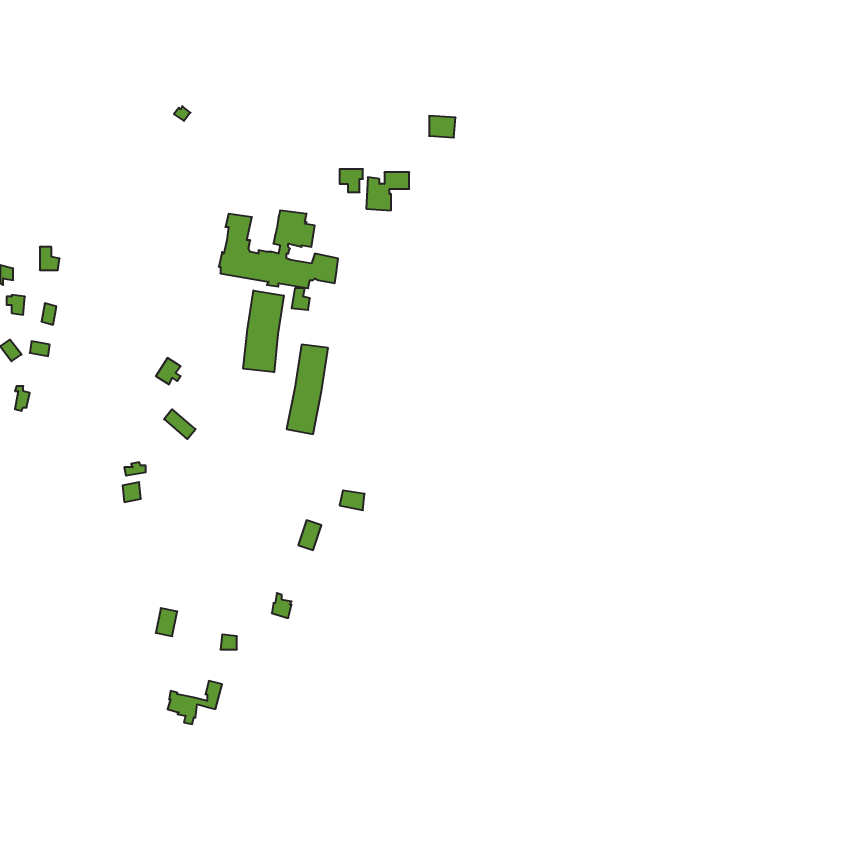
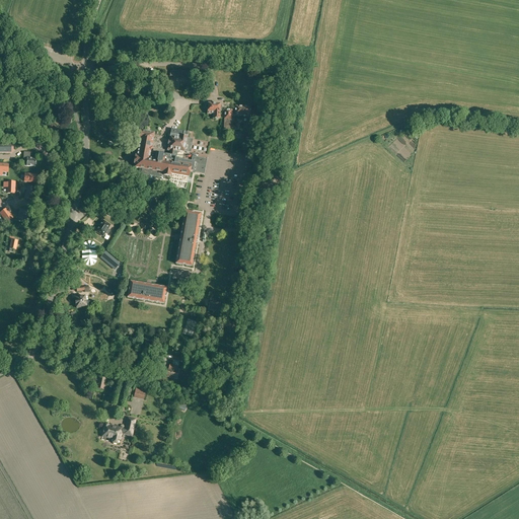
building: [243,290,284,372] -> none
building: none -> [129,281,167,303]

